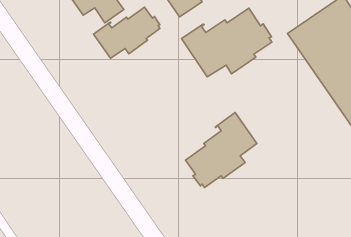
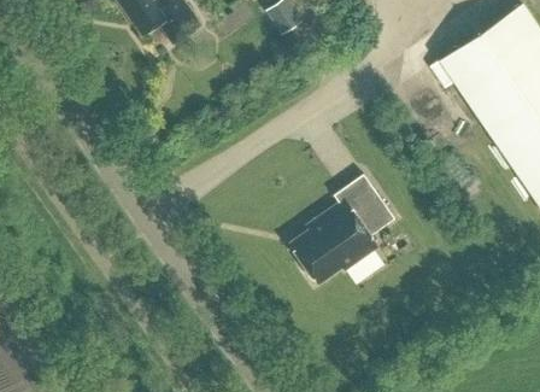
building: [93,7,160,58] -> none
building: [181,8,272,77] -> none

